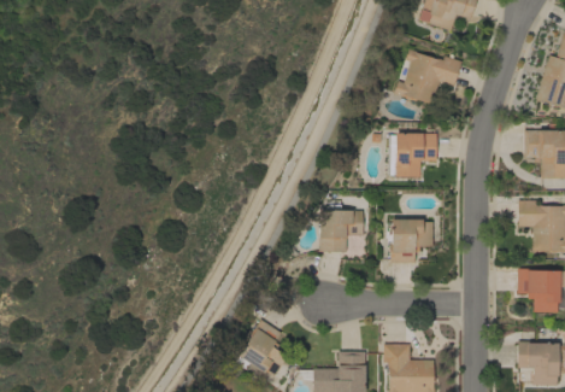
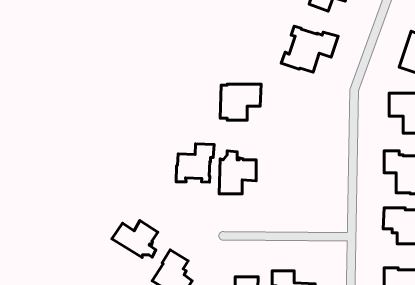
building: [388,134,437,177] -> [220,84,261,120]
building: none -> [176,144,214,182]
building: [390,220,432,263] -> none
building: none -> [112,221,158,258]

